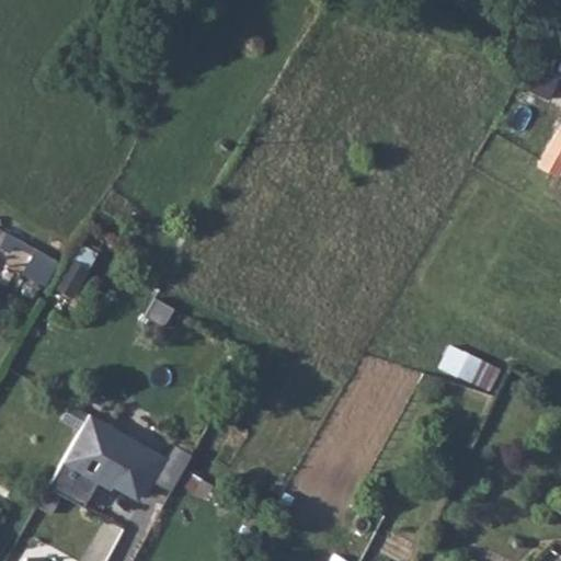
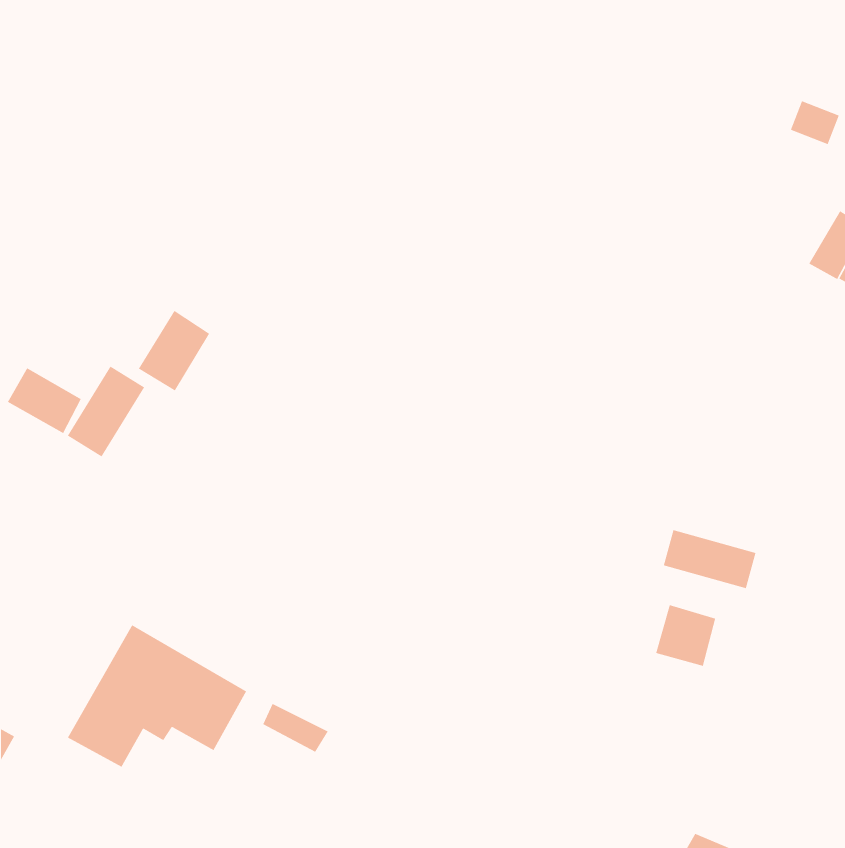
building: none -> [138,310,210,391]
building: none -> [655,604,716,667]

